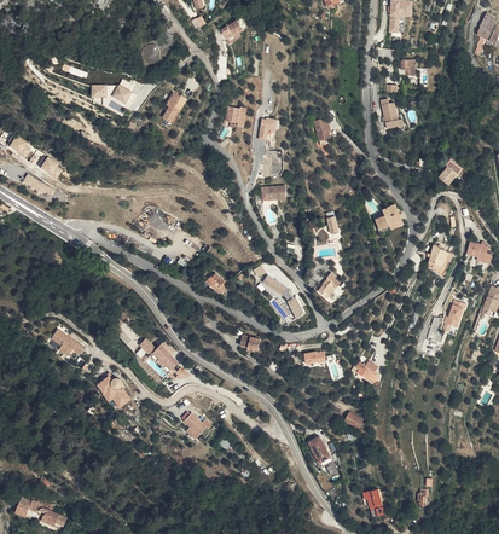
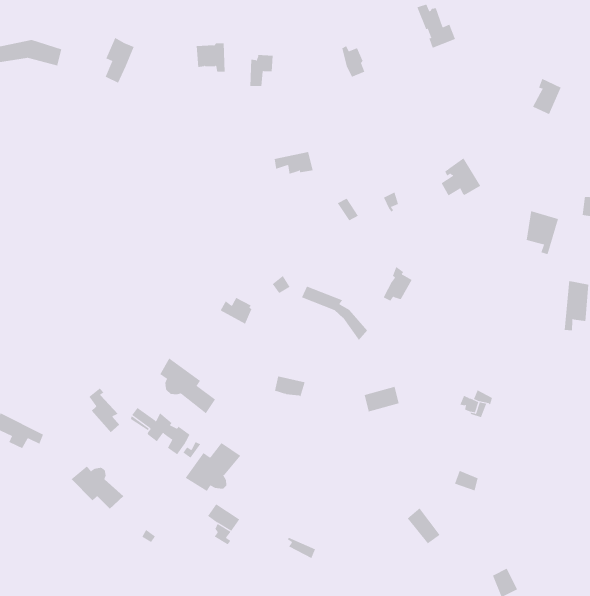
building: none -> [159,358,216,414]
building: none -> [185,442,241,492]

